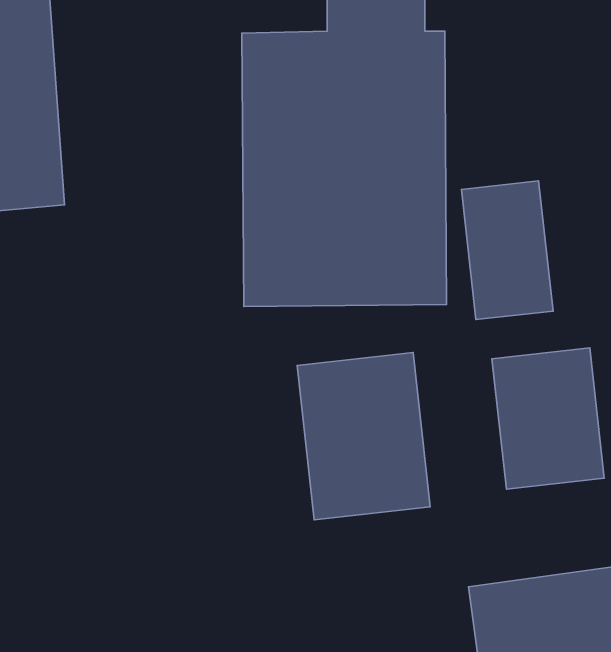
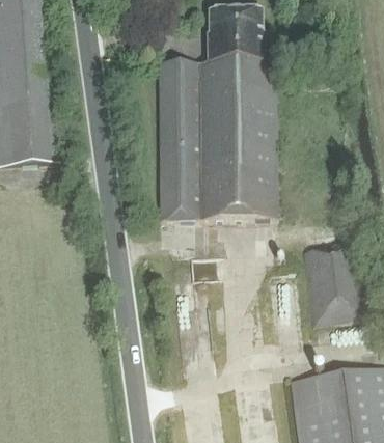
building: [461,181,553,320] -> none
building: [297,353,430,520] -> none

